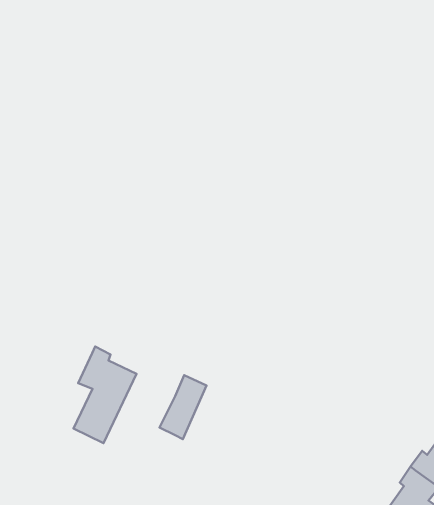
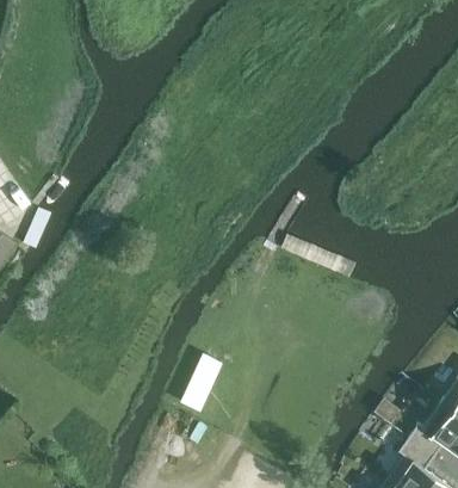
building: [73,346,136,443] -> none

